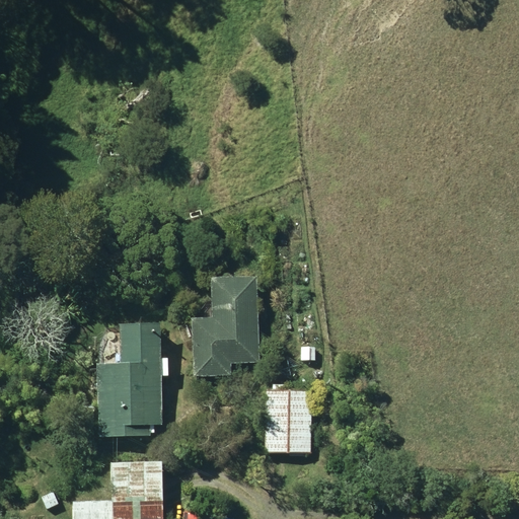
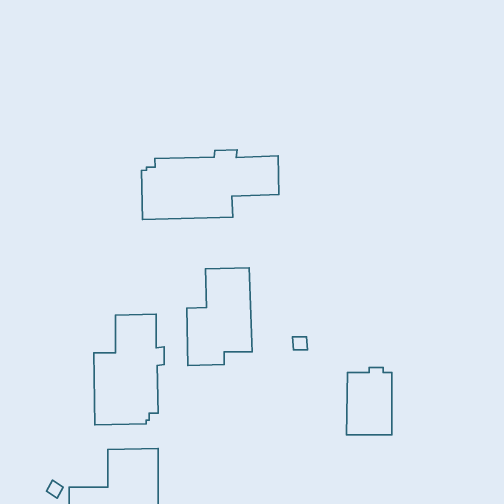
building: none -> [142,150,279,219]
building: [265,384,311,453] -> [346,368,392,435]

